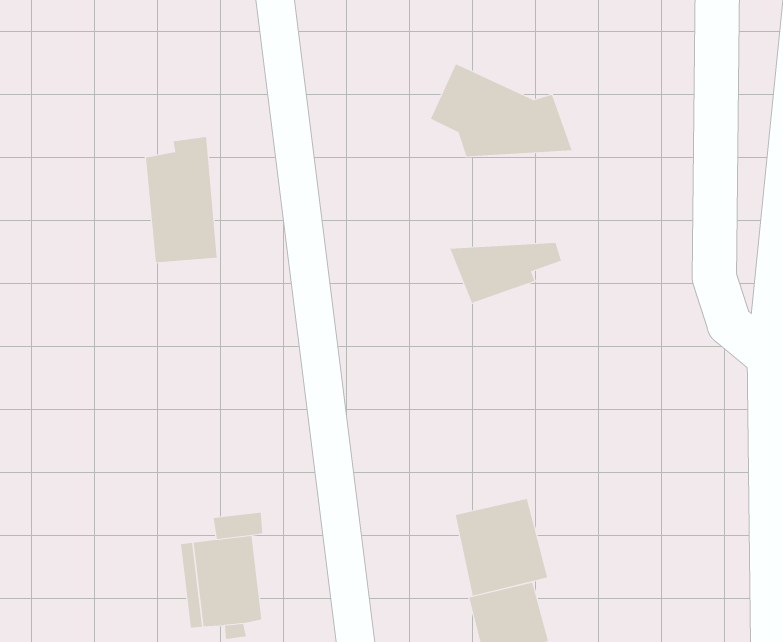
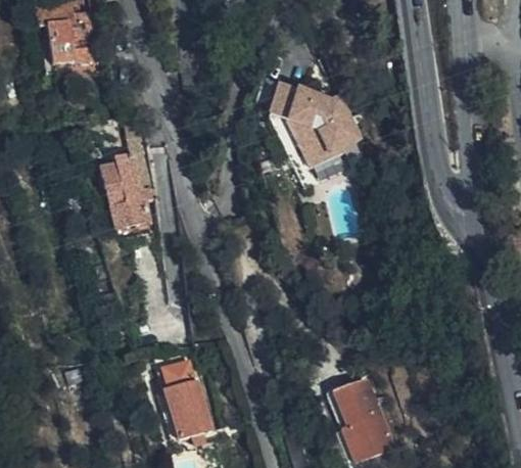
building: [449,242,562,303] -> [287,123,353,167]
building: [455,498,548,596] -> none

